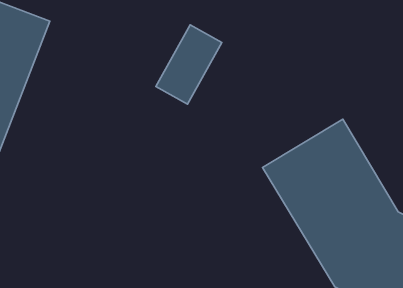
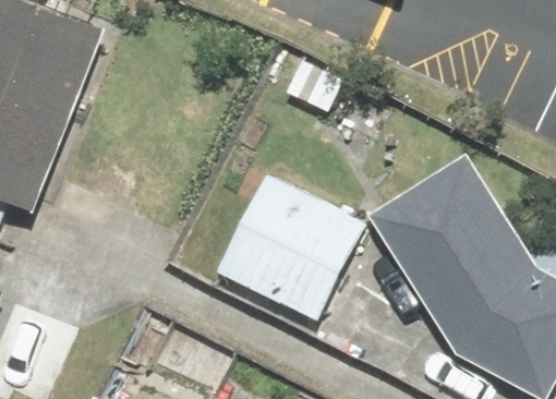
building: none -> [213,172,368,326]

